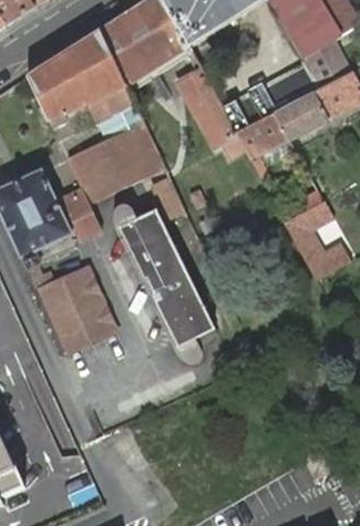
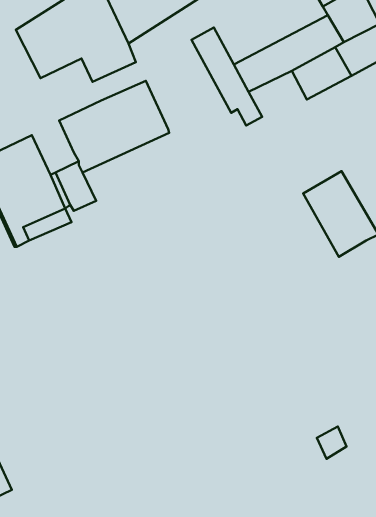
building: [235,112,287,177] -> none
building: [117,207,214,345] -> none
building: [38,266,116,347] -> none

